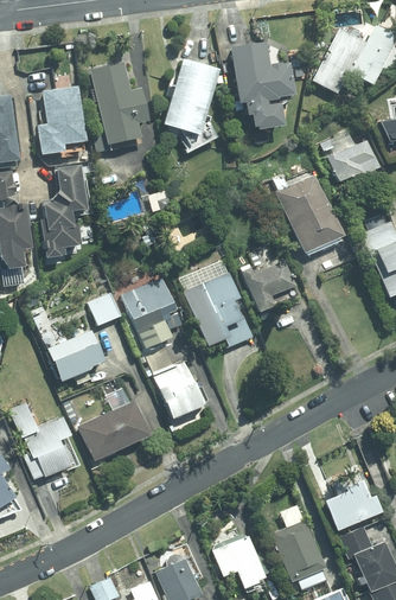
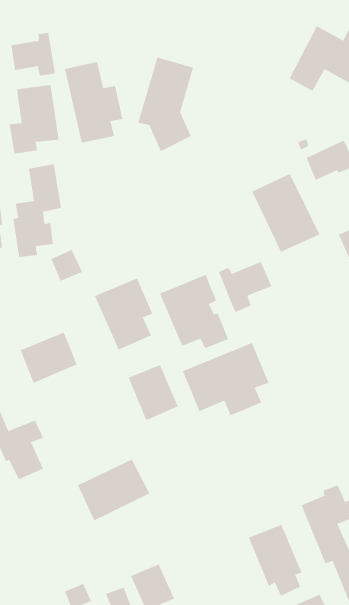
building: none -> [11,32,56,76]
building: [231,40,294,129] -> none
building: [89,293,121,325] -> [50,249,83,282]
building: none -> [182,342,269,416]
building: [78,400,151,461] -> [77,459,150,521]
building: [211,531,266,588] -> none

